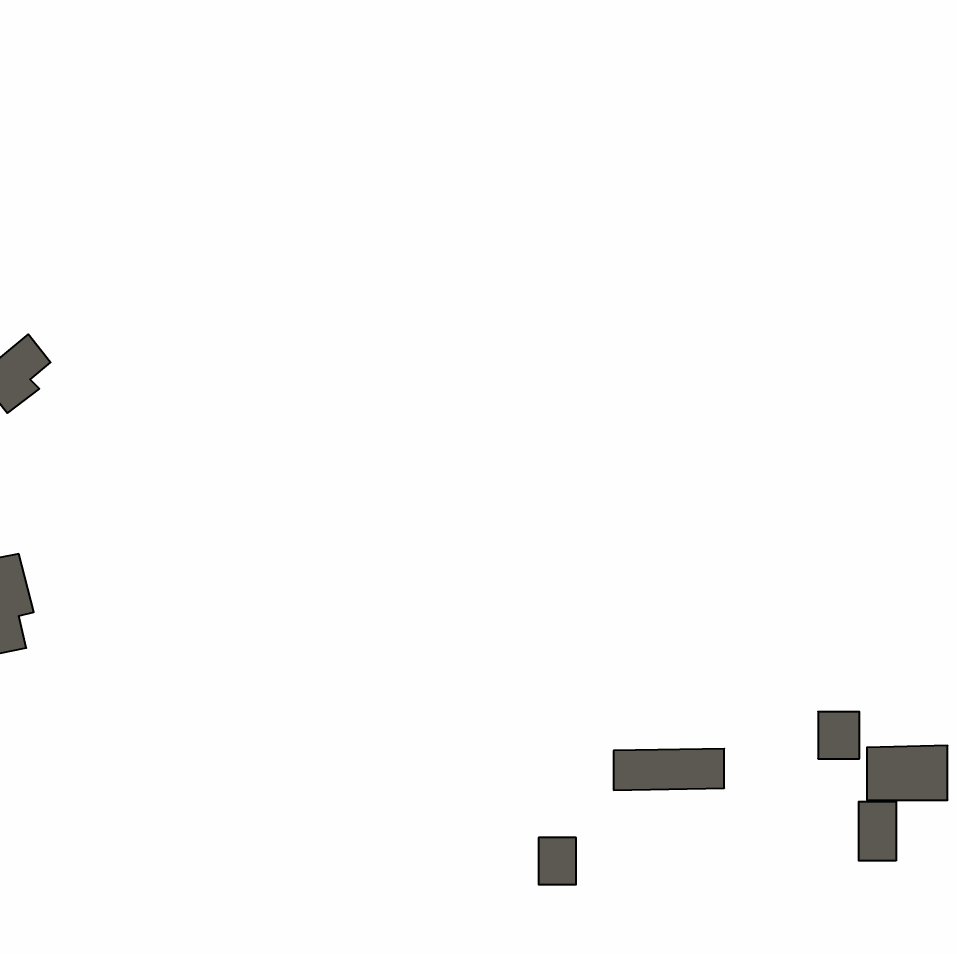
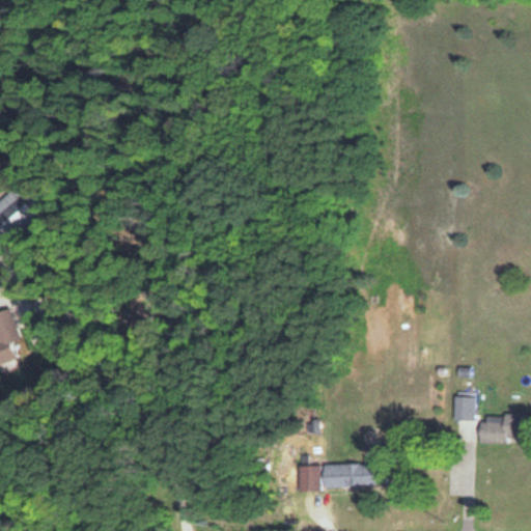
building: [614,749,724,790] -> [322,465,383,487]
building: [859,802,896,861] -> none

